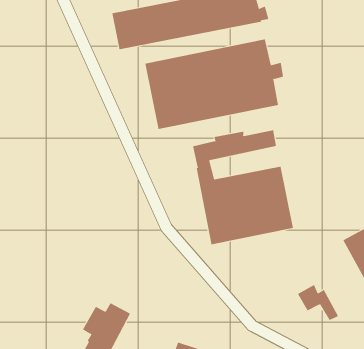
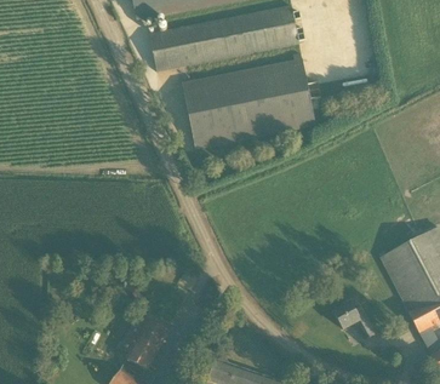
building: [192,130,293,245] -> none

